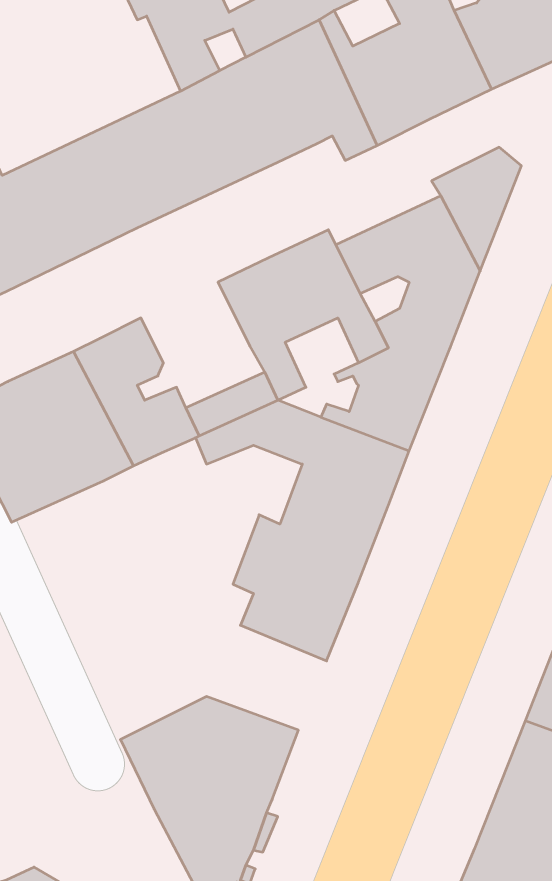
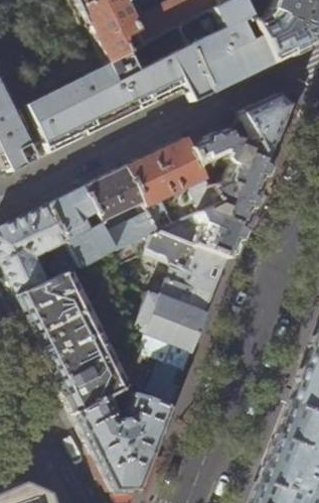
building: none -> [88,164,146,219]
building: none -> [18,271,187,410]

